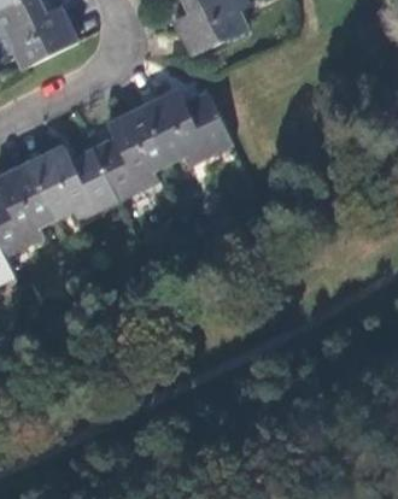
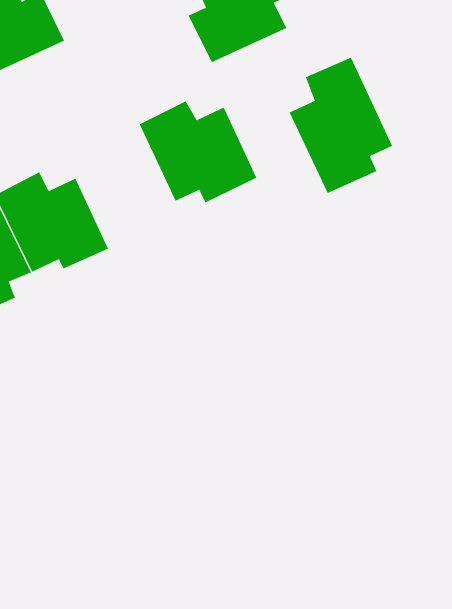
building: none -> [289,57,393,194]
building: [88,106,164,201] -> none

